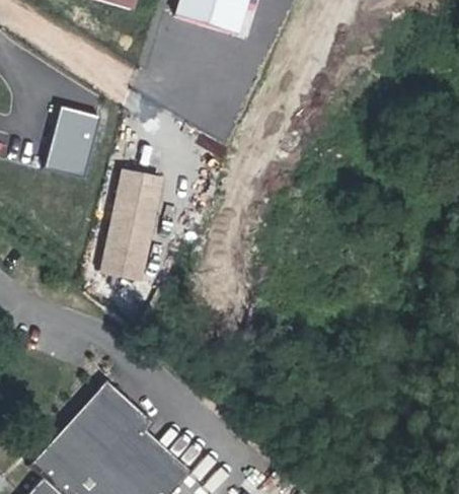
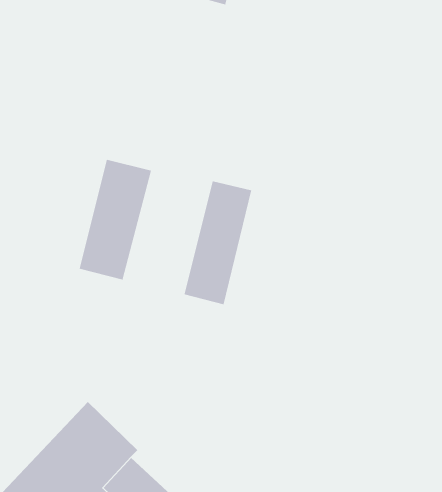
building: [46,103,99,171] -> none
building: none -> [184,180,252,305]

